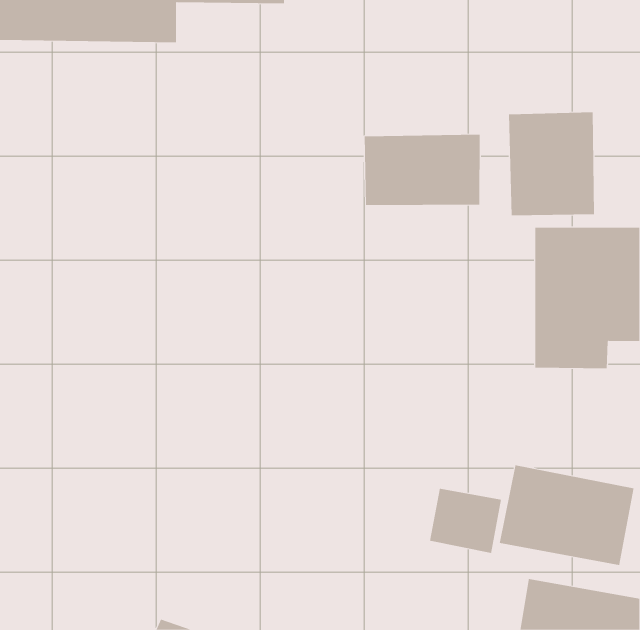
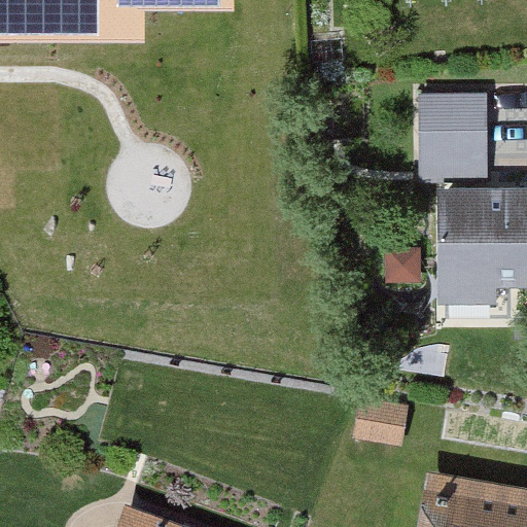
building: [364,134,480,206] -> none
building: [499,465,634,566] -> none

